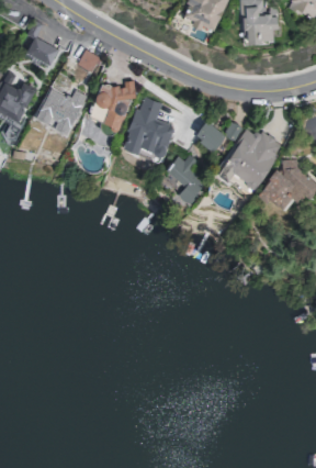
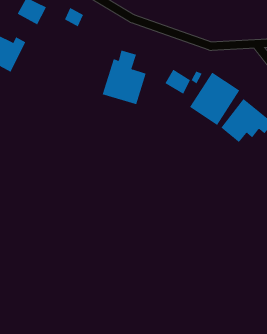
building: [95,80,136,122] -> none
building: [36,87,88,134] -> none
building: [167,155,206,203] -> none

